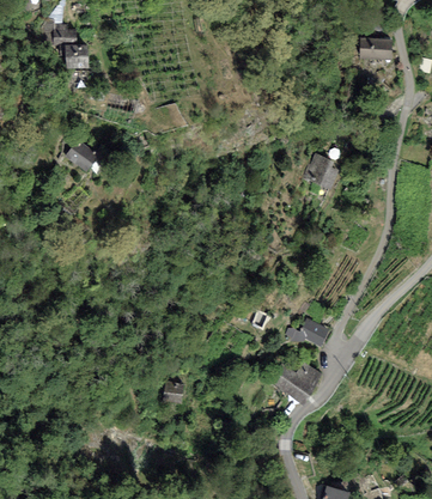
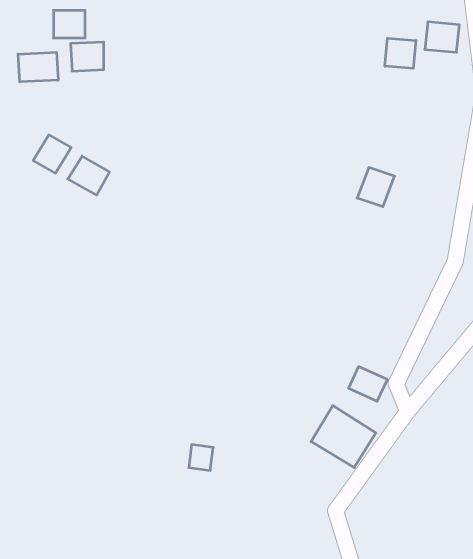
building: none -> [385,38,416,68]
building: none -> [18,52,58,82]
building: none -> [33,135,71,173]

